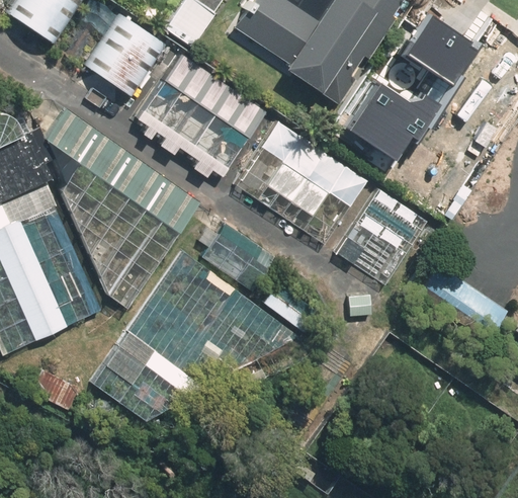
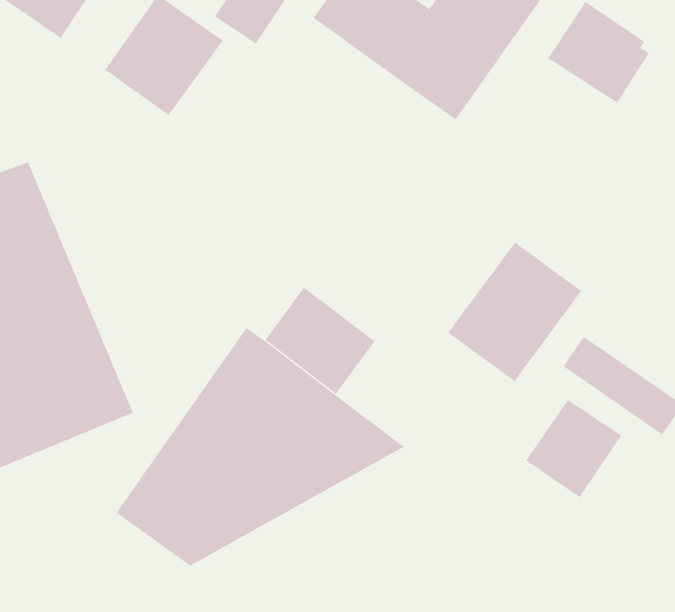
building: [128,52,260,176] -> none
building: [347,84,439,162] -> none
building: [45,106,200,308] -> none
building: [234,116,367,242] -> none
building: none -> [525,399,622,498]

